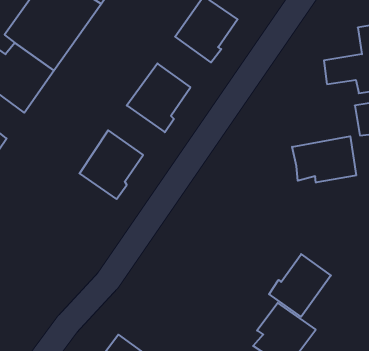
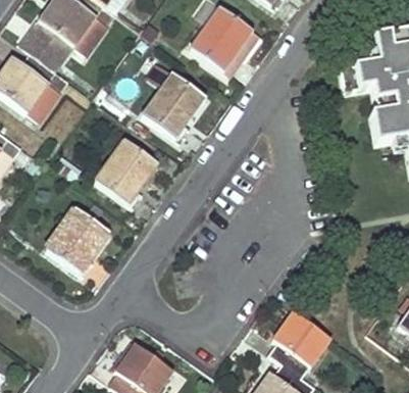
building: [292,136,356,183] -> none
building: none -> [48,206,111,274]
building: [269,254,331,317] -> none

